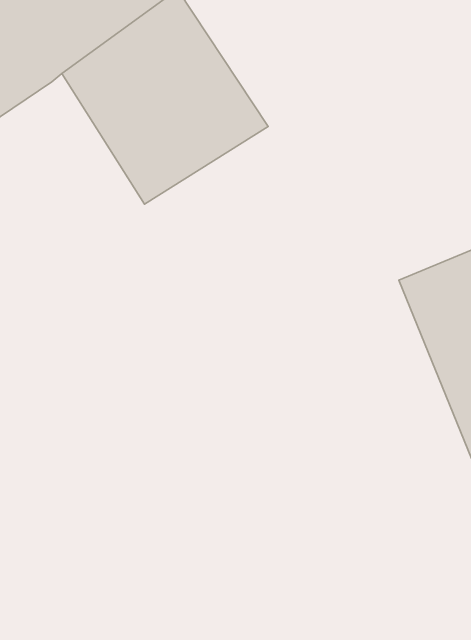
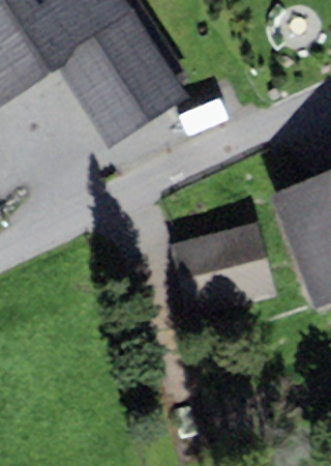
building: none -> [168,221,275,320]

